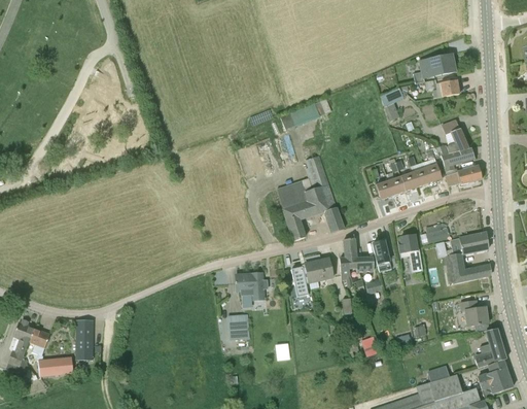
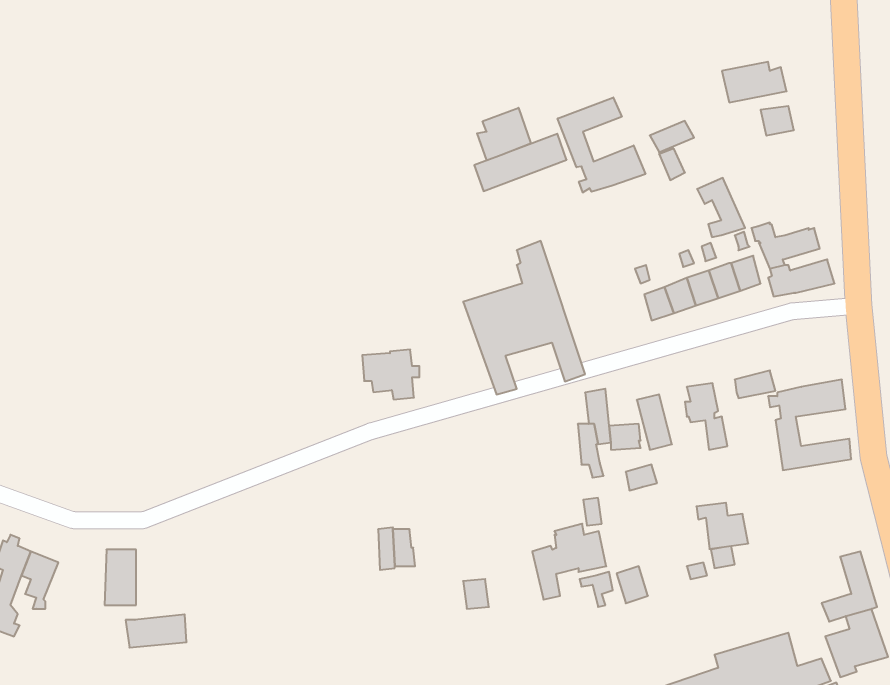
building: none -> [558,97,645,193]
building: none -> [477,108,531,160]
building: [441,120,467,152] -> [697,178,745,237]
building: [291,253,332,296] -> [532,524,606,600]
building: [235,272,267,300] -> [362,350,419,399]
building: [459,300,488,326] -> [696,503,748,549]
building: [37,356,71,375] -> [126,614,187,648]

